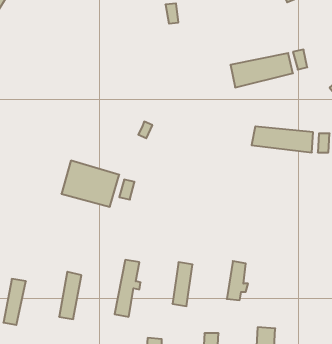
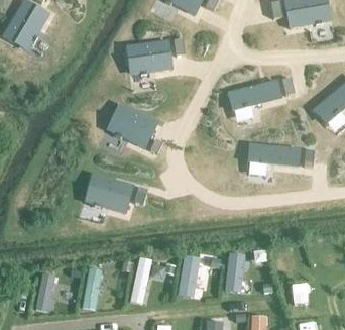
building: none -> [127,40,172,74]
building: none -> [111,104,157,147]

